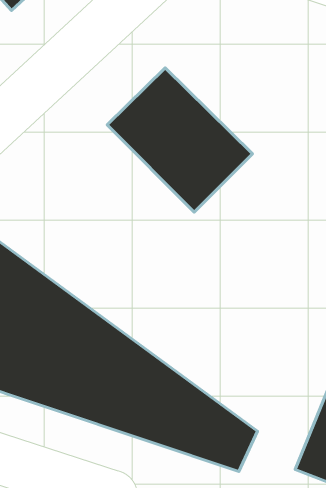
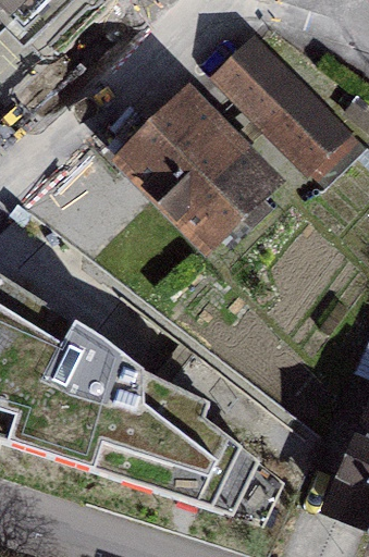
building: none -> [218,39,348,172]

